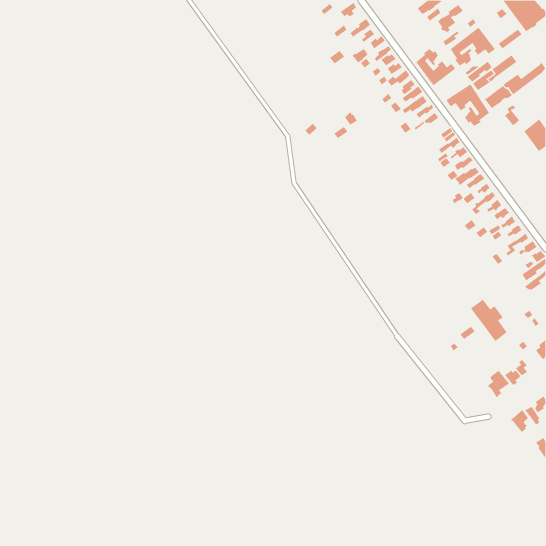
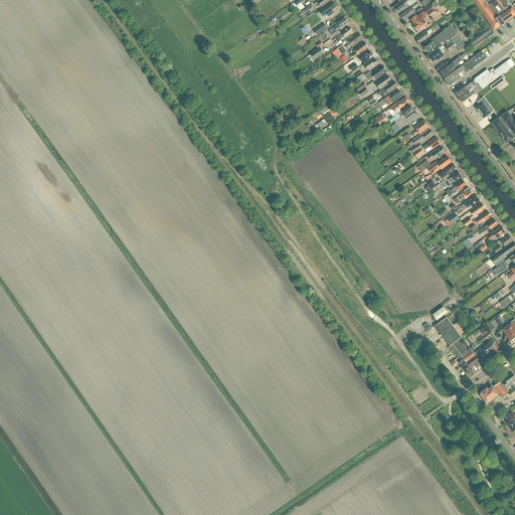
building: [415,48,456,86] -> none
building: [446,83,490,127] -> none
building: [470,299,508,342] -> [435,317,470,357]

